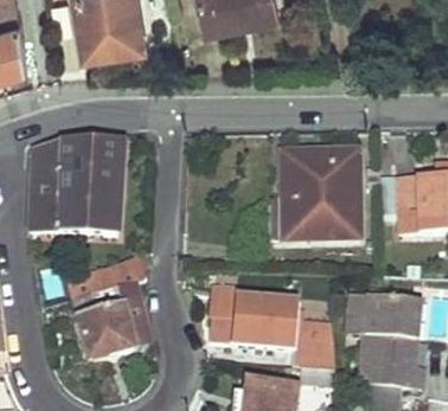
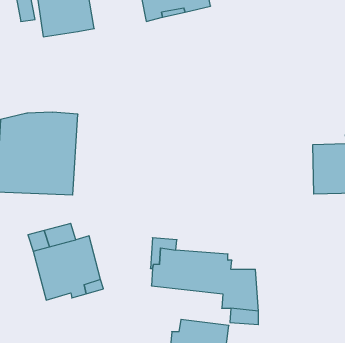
building: [273,148,359,237] -> none
building: [361,293,428,388] -> none

